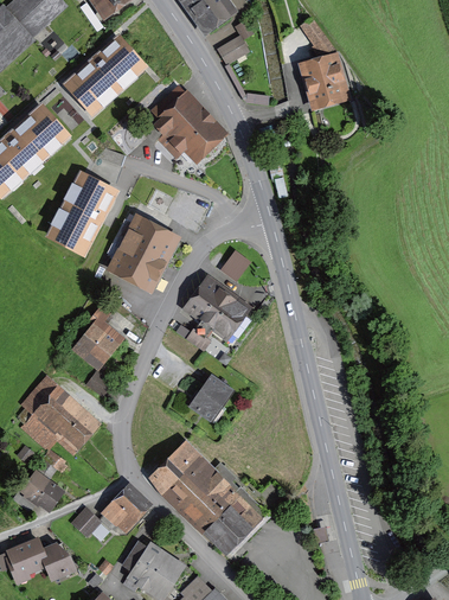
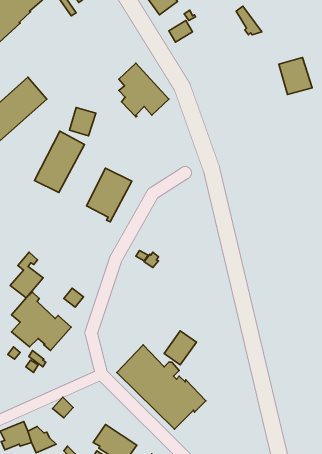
building: [66,39,142,111] -> none
building: [306,58,347,104] -> [279,58,312,94]
building: [220,249,252,282] -> none
building: [187,282,252,340] -> none
building: [76,308,117,365] -> [10,252,43,298]
building: [190,376,230,419] -> [164,331,196,365]
building: [12,473,59,510] -> none
building: [100,489,146,530] -> none

